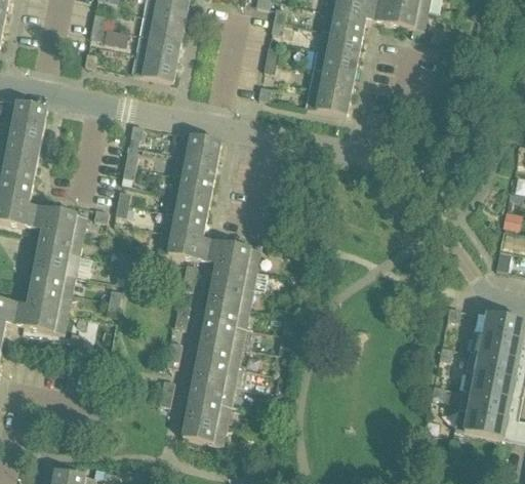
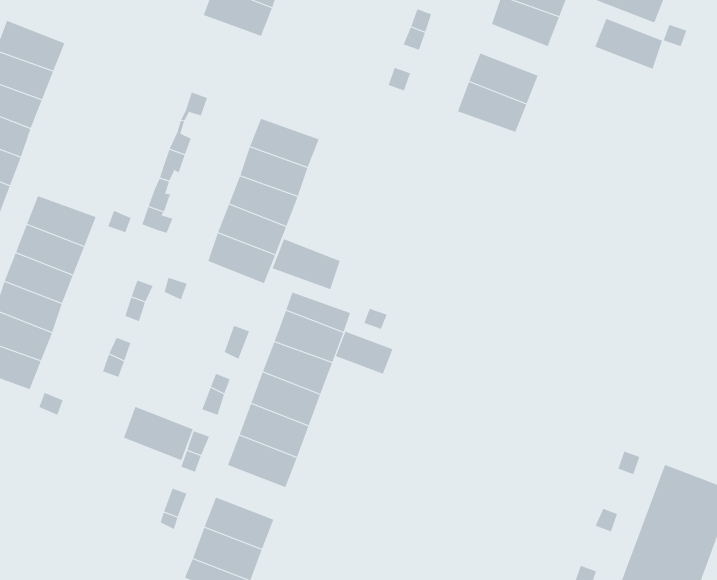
building: [314,47,357,75] -> [595,18,663,69]
building: [158,230,201,257] -> [272,238,340,290]
building: none -> [335,331,393,375]
building: [193,358,237,388] -> [123,406,194,461]

